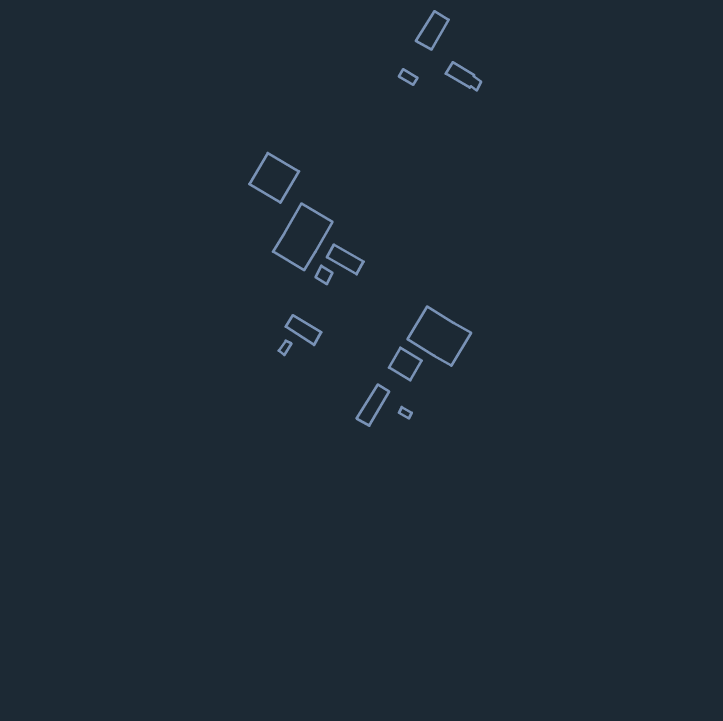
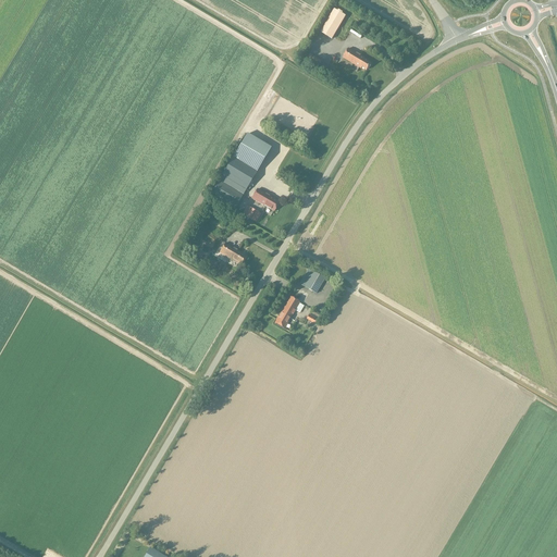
building: [249,153,299,203] -> [232,133,270,171]
building: [408,307,471,366] -> none

